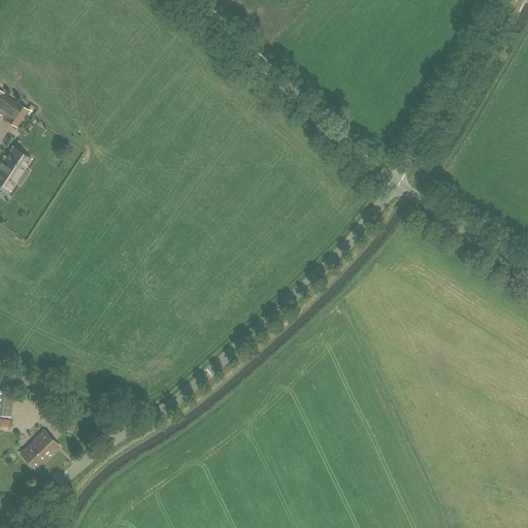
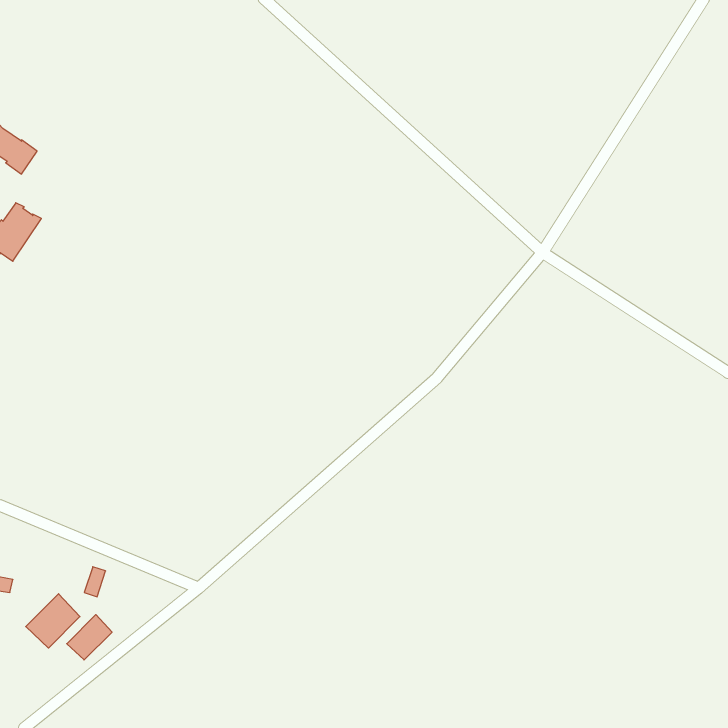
building: none -> [67,615,112,660]

